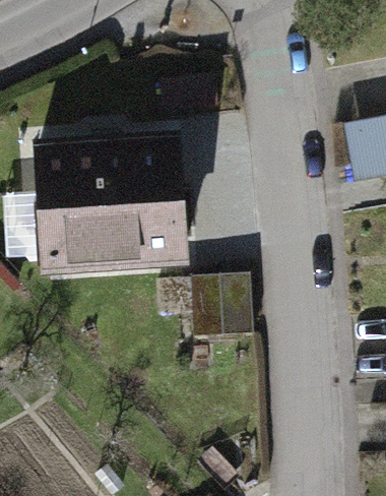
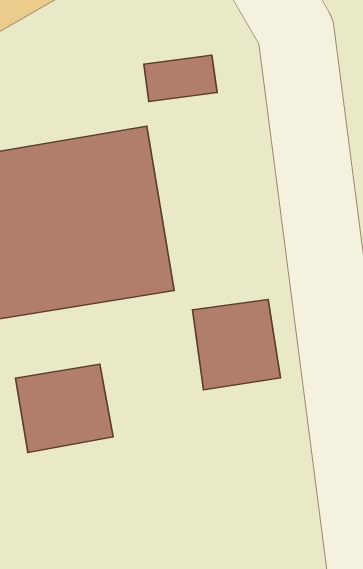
building: none -> [16,364,113,452]

